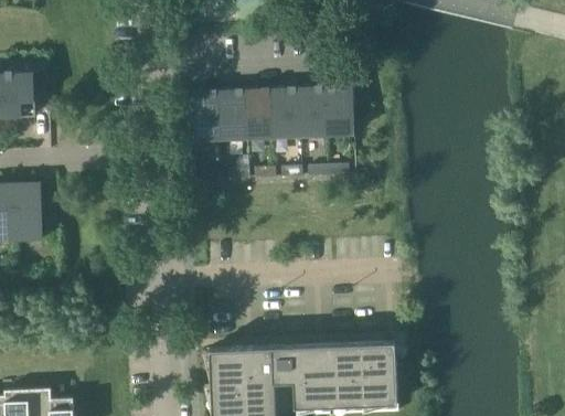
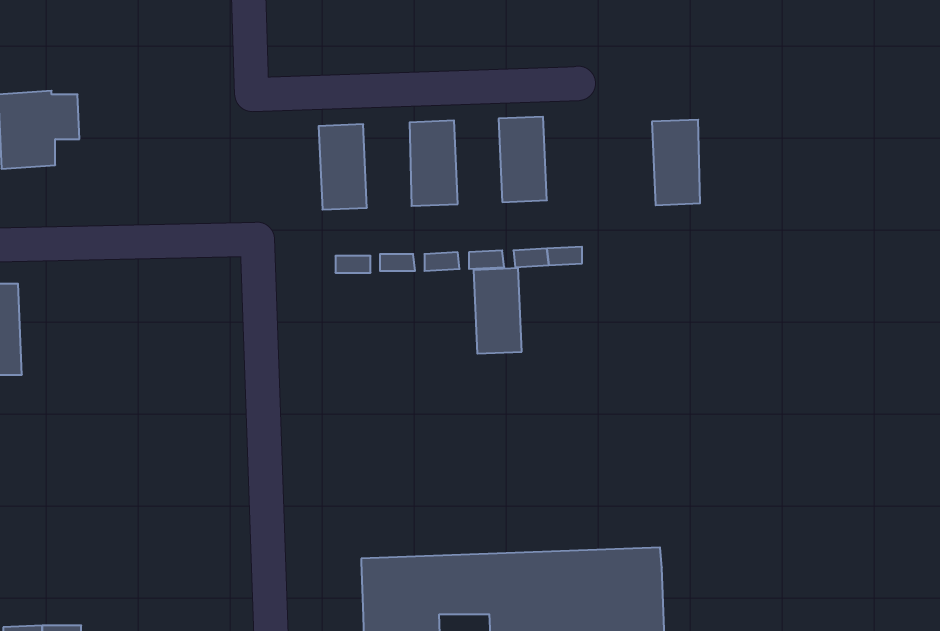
building: [323,85,352,136] -> [652,120,700,205]
building: [270,87,299,138] -> [474,268,522,354]
building: [216,89,245,140] -> none
building: [11,184,54,239] -> none

